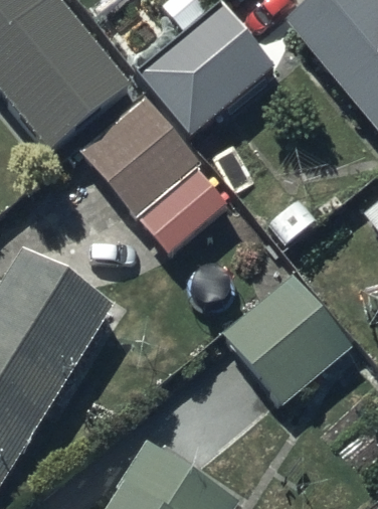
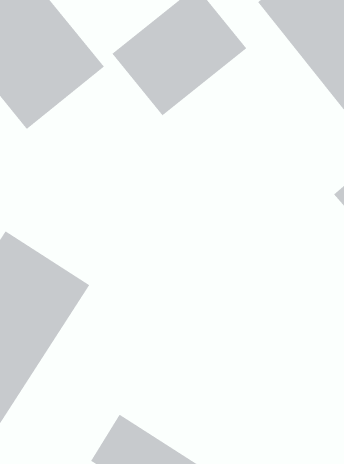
building: [78,96,226,252] -> none
building: [223,275,351,401] -> none

